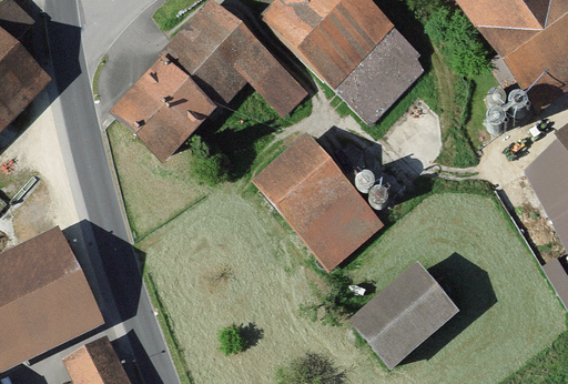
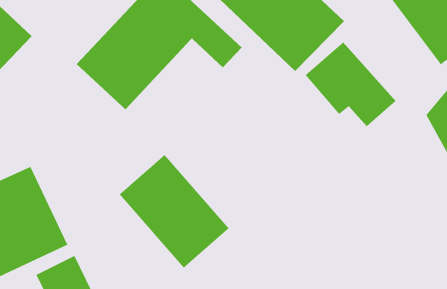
building: none -> [305,41,397,127]
building: [253,133,384,269] -> [119,154,230,268]
building: [352,266,457,367] -> none

